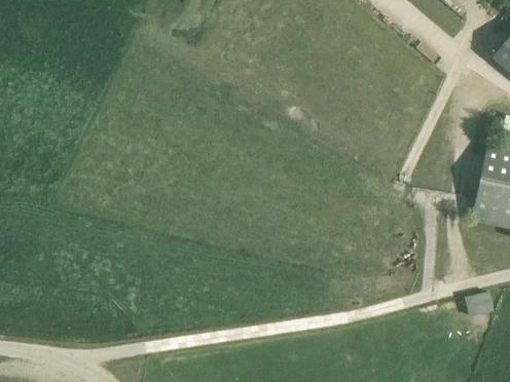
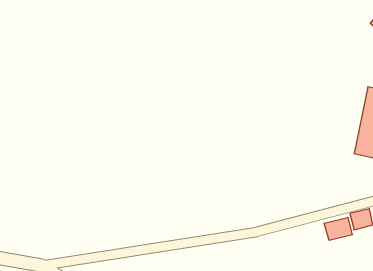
building: none -> [324,217,352,240]

